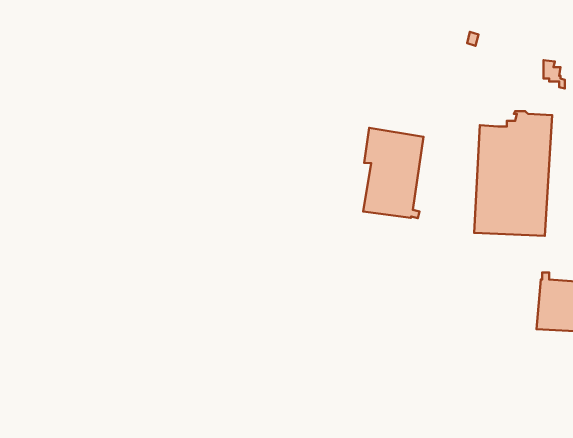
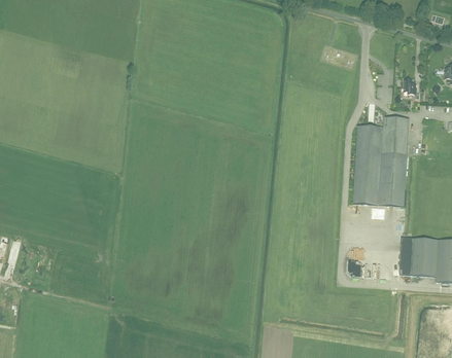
building: [363,128,423,218] -> none

